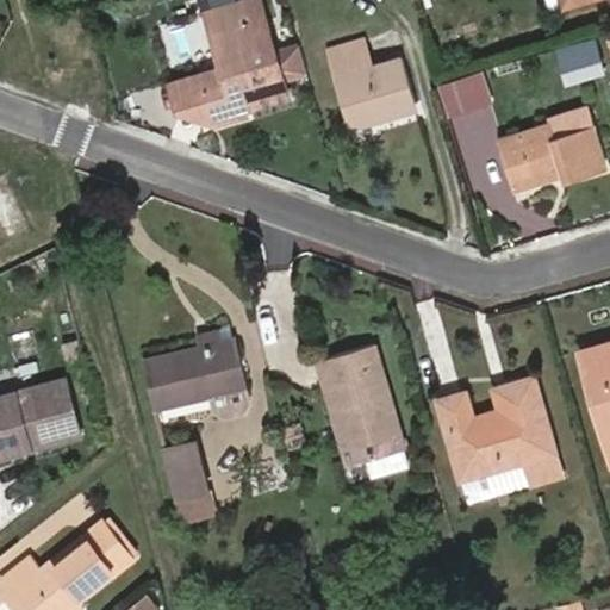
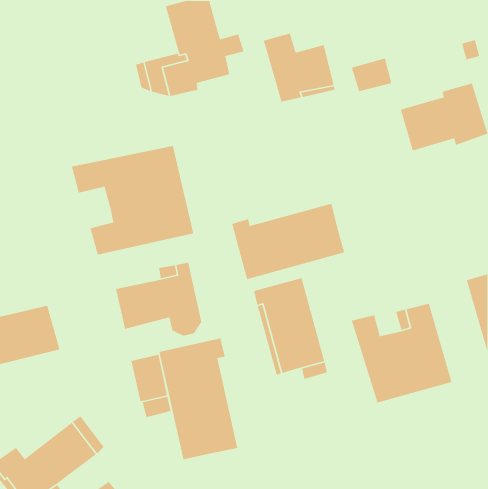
building: none -> [71,145,194,255]
building: none -> [231,203,345,280]
building: none -> [159,338,238,460]

